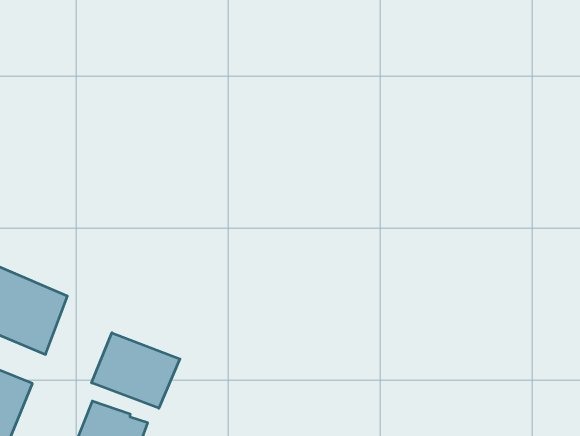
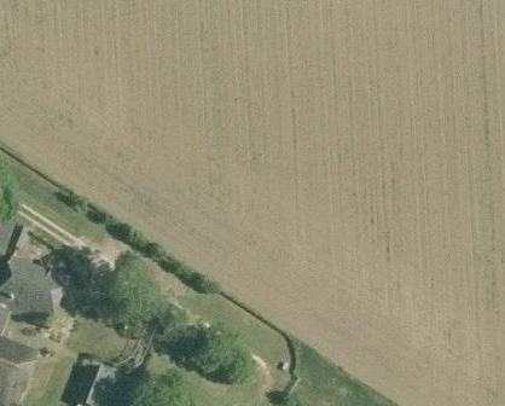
building: [92,333,180,408] -> none

